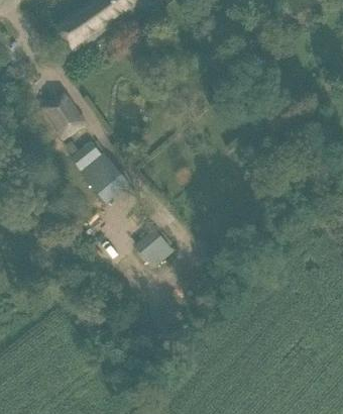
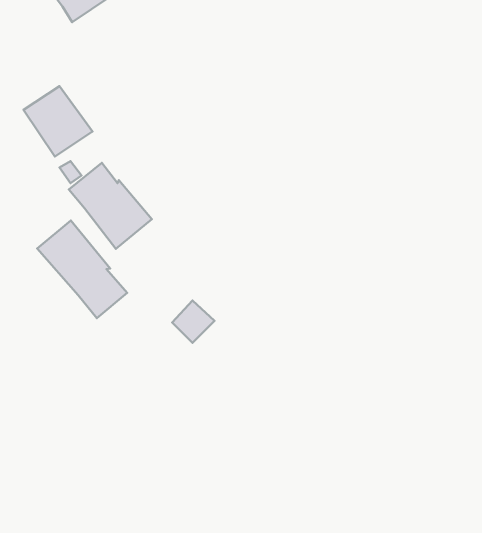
building: none -> [37,221,127,318]

